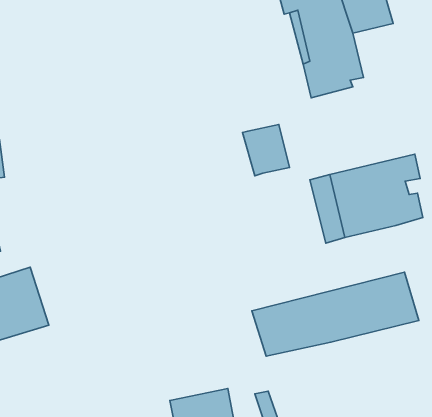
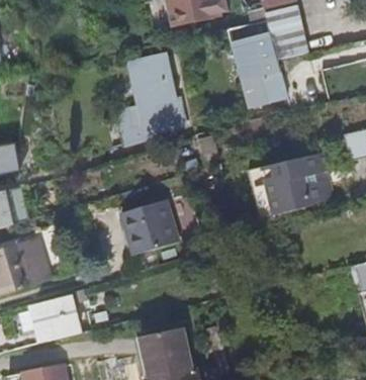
building: none -> [122,56,184,140]
building: none -> [122,199,177,253]
building: [252,272,419,356] -> none
building: none -> [34,287,87,342]

